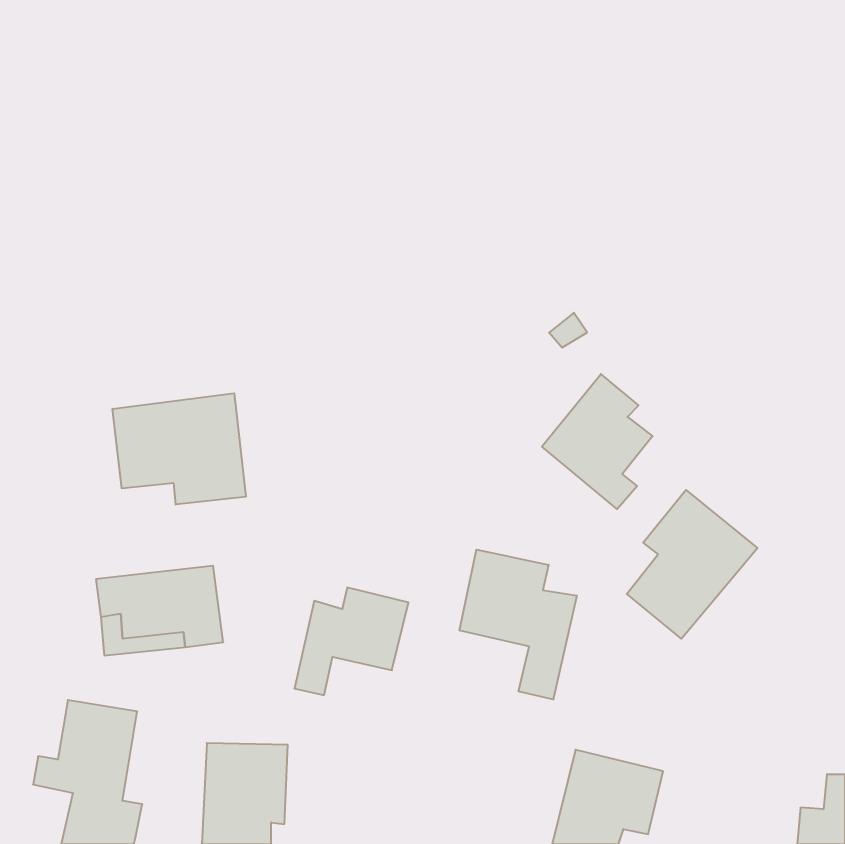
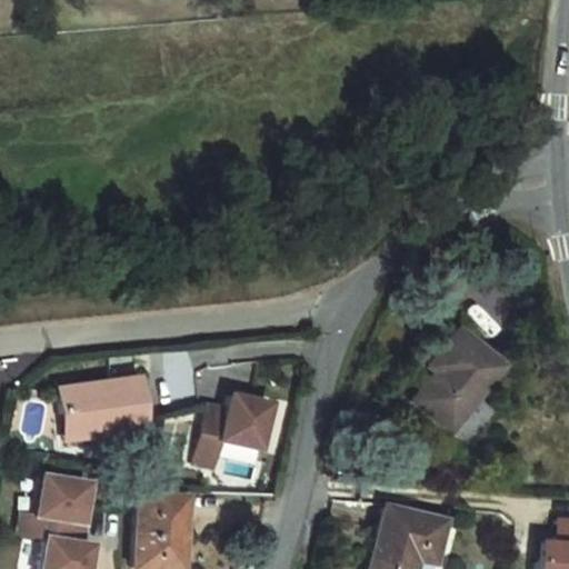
building: [542,374,653,509] -> none
building: [113,393,246,505] -> none
building: [460,550,577,700] -> none

